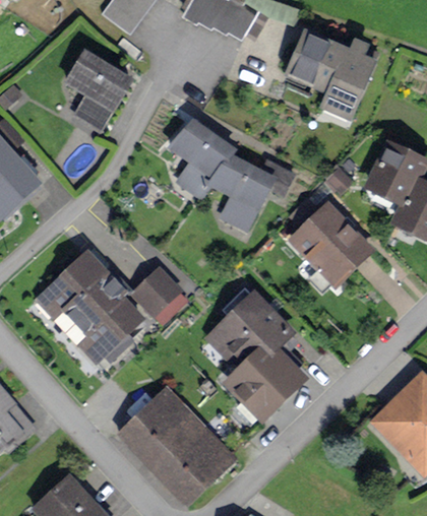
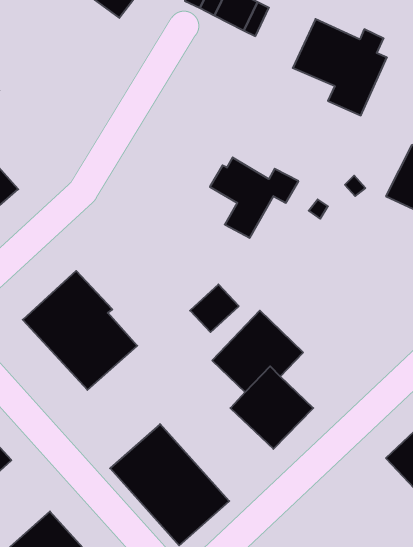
building: [66,51,132,124] -> none
building: [175,121,236,194] -> none
building: [292,202,370,281] -> none
building: [134,269,178,312] -> [190,284,239,332]

